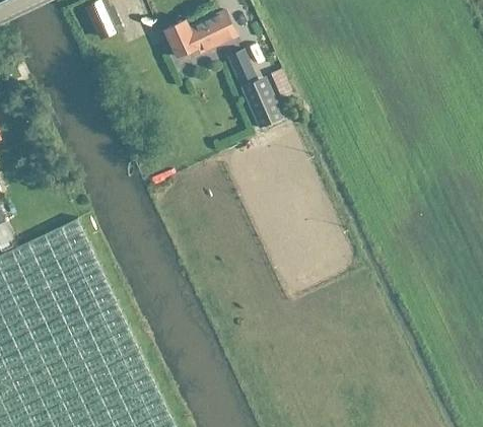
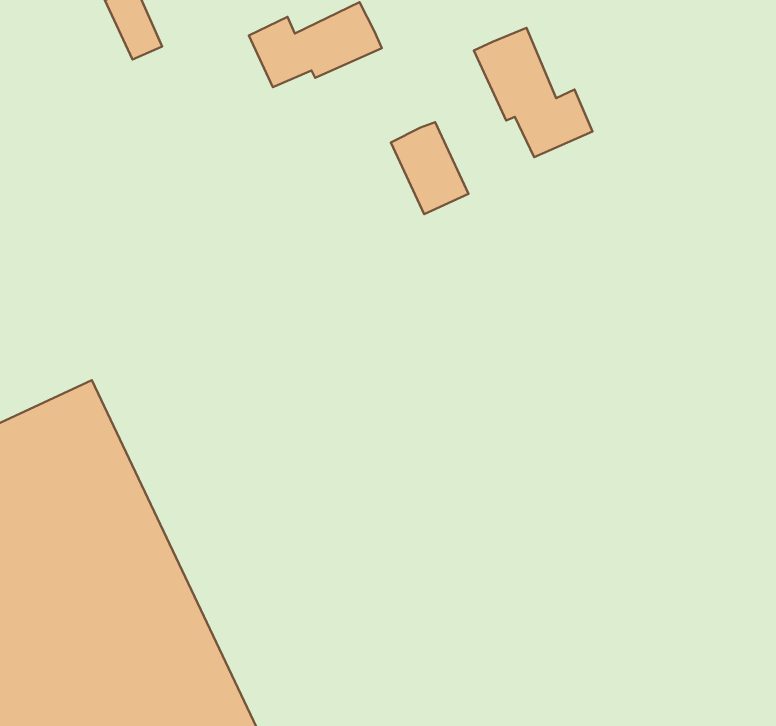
building: none -> [474,28,593,157]
building: [226,49,258,88] -> none

